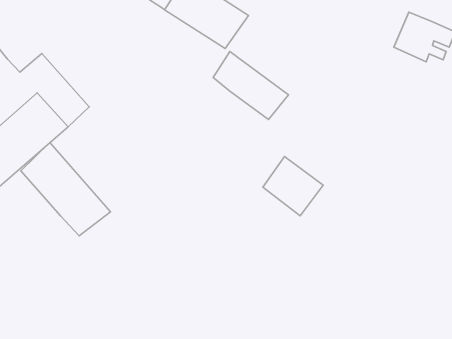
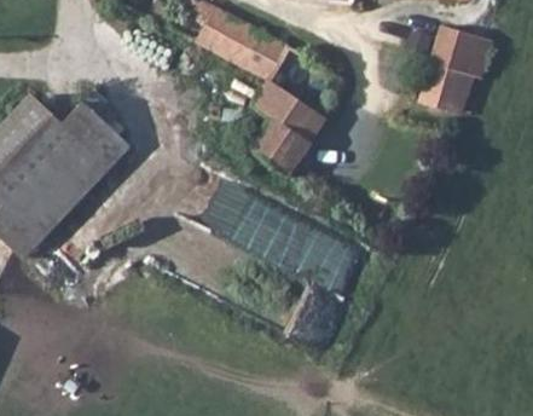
building: none -> [418,60,464,111]
building: [21,143,111,236] -> none
building: [263,157,323,216] -> [250,119,311,177]

